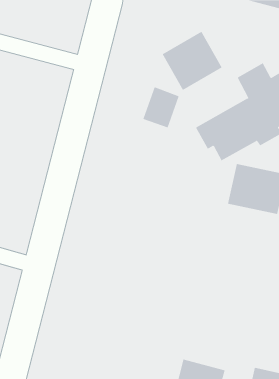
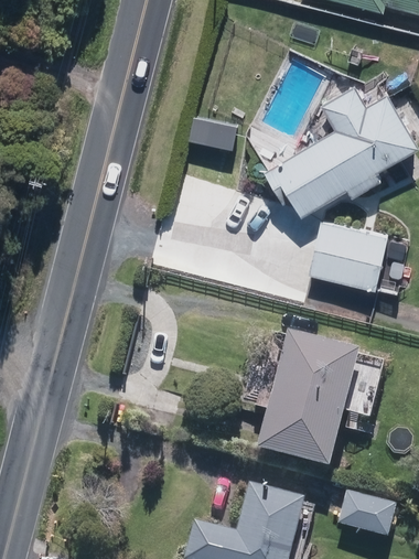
building: [162,31,223,91] -> none
building: none -> [257,333,359,467]

